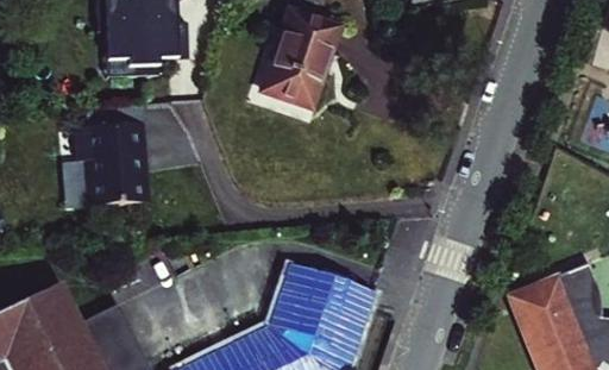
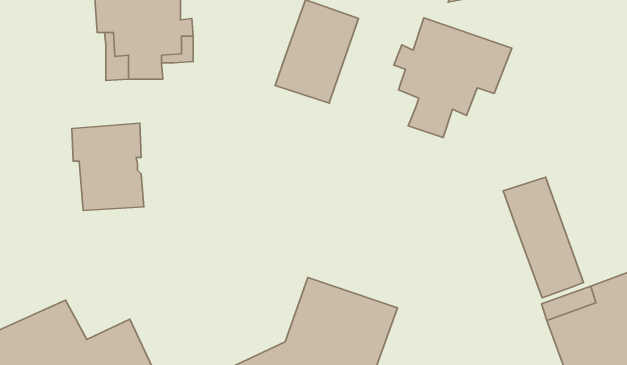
building: none -> [394,18,512,137]
building: none -> [503,177,583,298]

